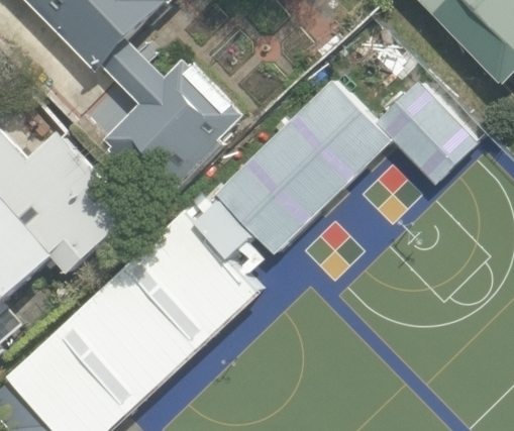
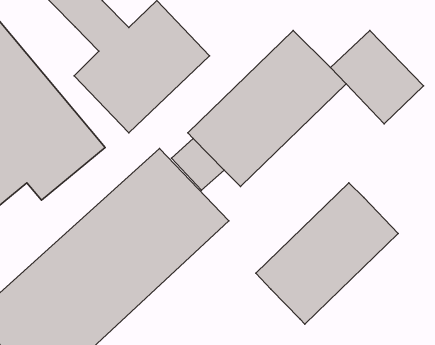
building: none -> [256,183,398,324]

